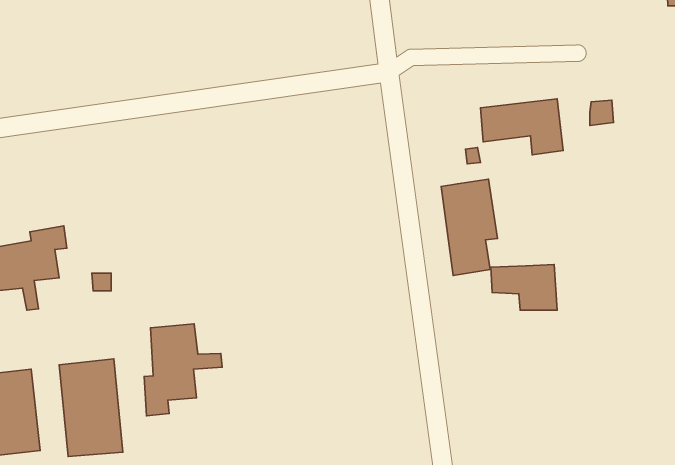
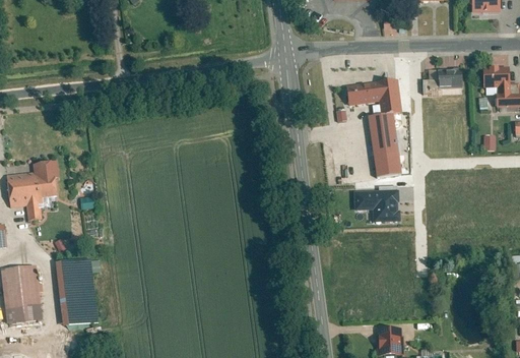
building: none -> [438,67,465,90]
building: [441,179,497,275] -> [370,111,408,177]
building: [144,324,222,416] -> none

